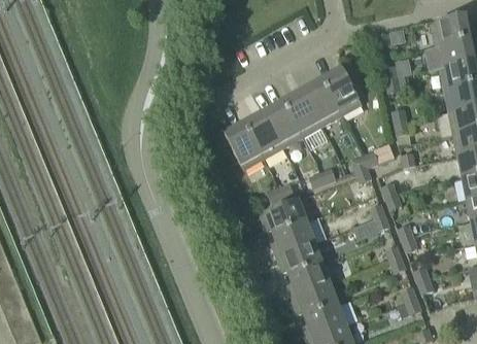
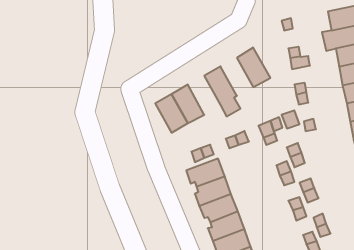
building: [302,79,341,125] -> none
building: [263,101,302,147] -> none

